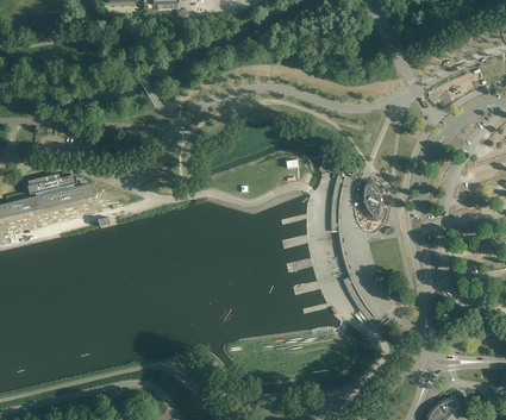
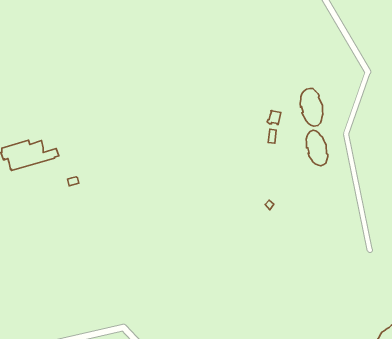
building: none -> [300,89,323,126]

